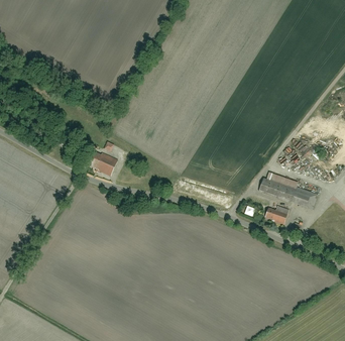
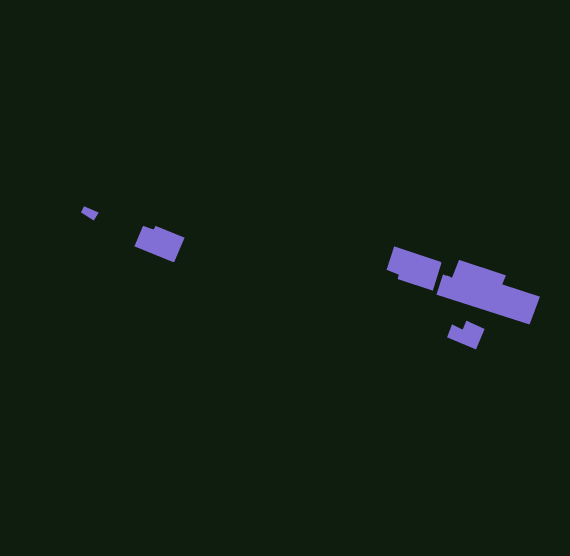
building: none -> [386,245,442,291]

